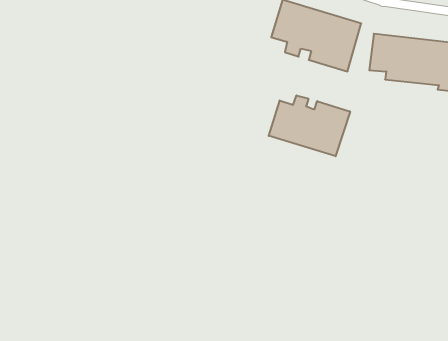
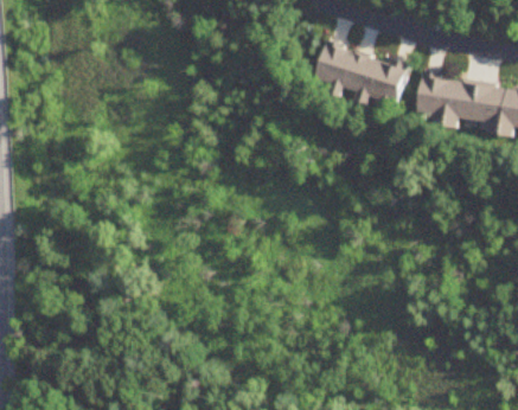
building: [269,95,350,156] -> none

